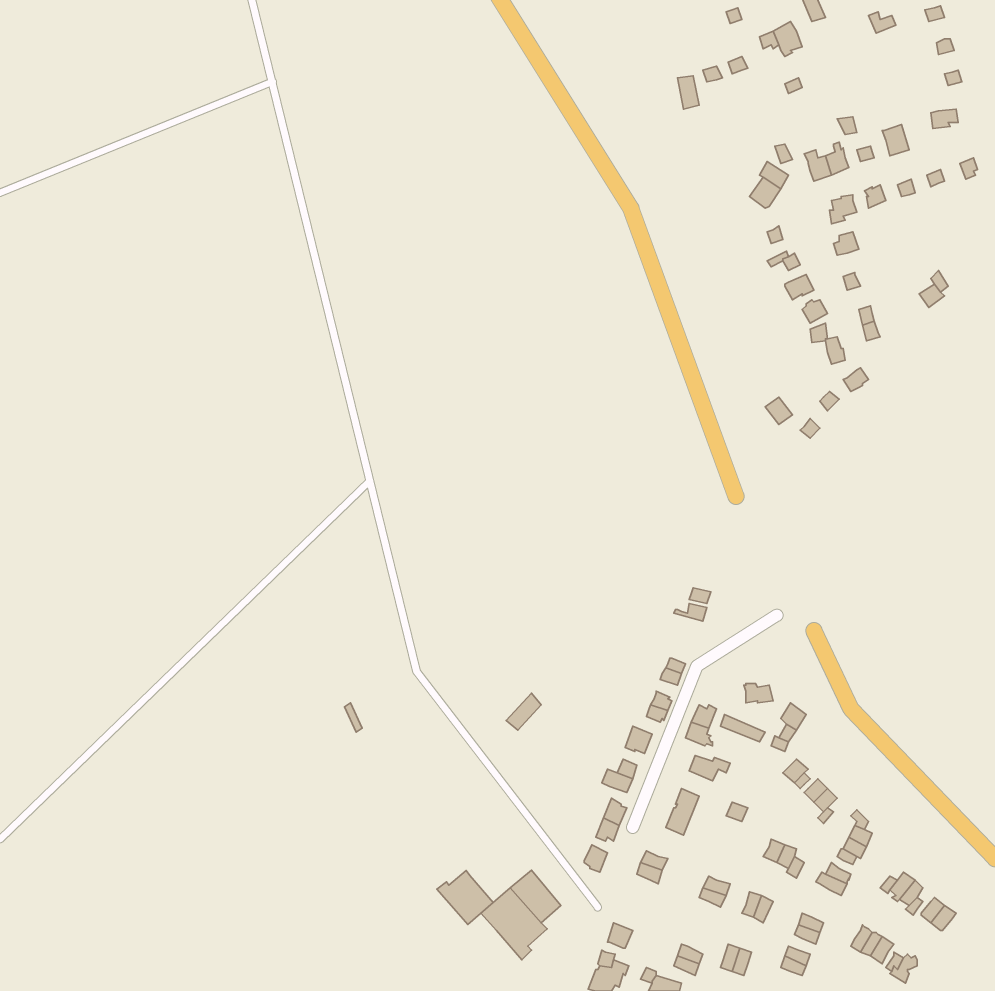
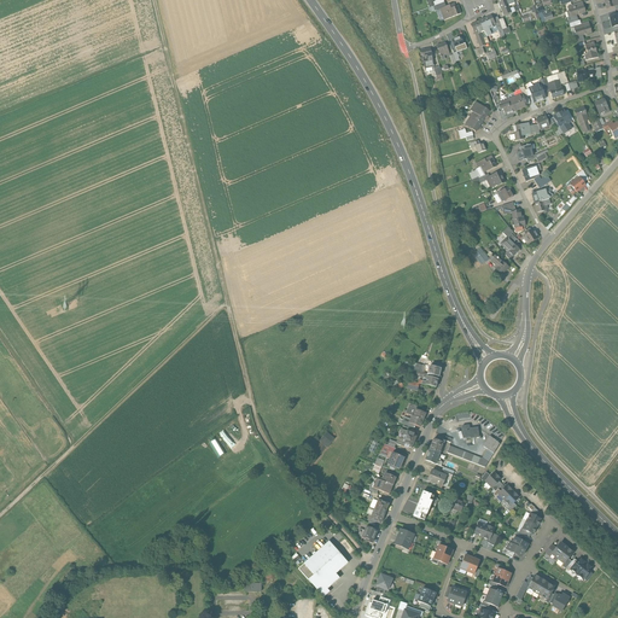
building: [437,870,493,925] -> none

